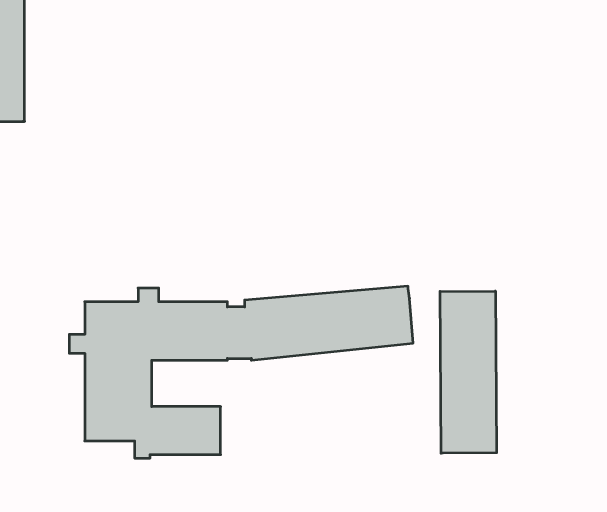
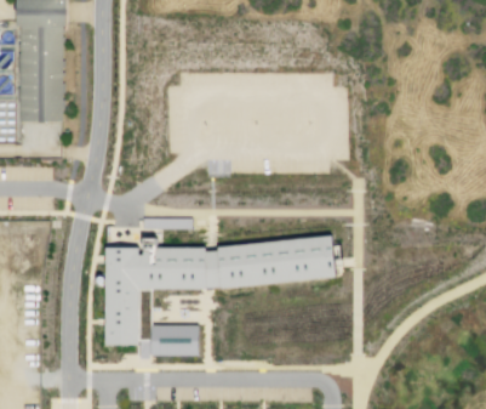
building: [440,291,497,453] -> none

